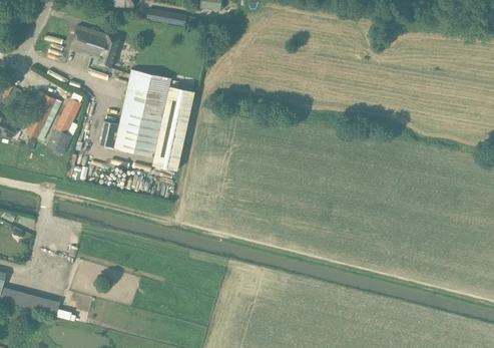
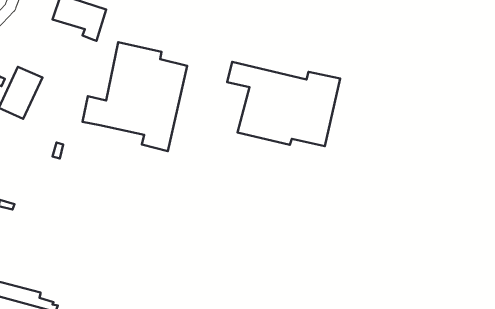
building: none -> [227,62,340,146]
building: [46,98,80,153] -> none

